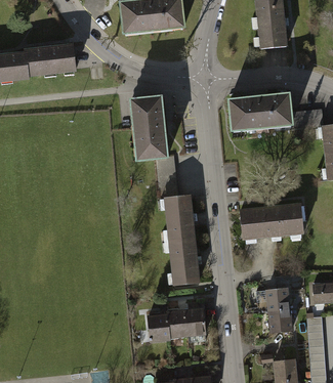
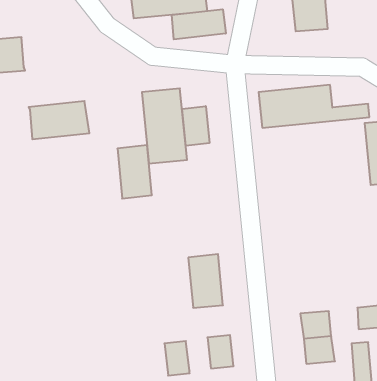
building: none -> [172,9,226,39]
building: [24,44,76,77] -> [29,101,89,139]
building: none -> [182,106,209,146]
building: [164,195,194,241] -> [117,145,152,199]
building: [241,204,304,239] -> none
building: [166,309,188,338] -> none

